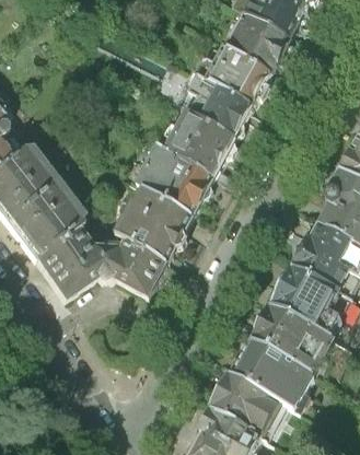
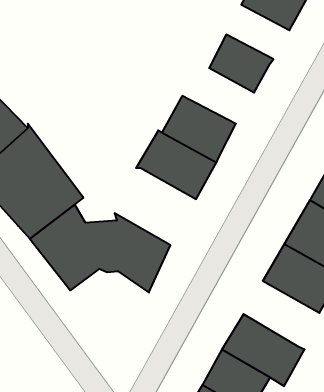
building: [233,13,298,69] -> none
building: [188,72,262,135] -> none
building: [119,179,202,258] -> none
building: [251,294,328,362] -> none

